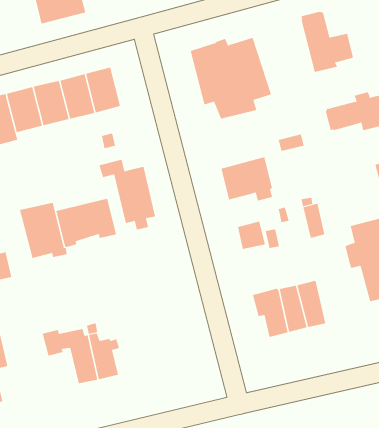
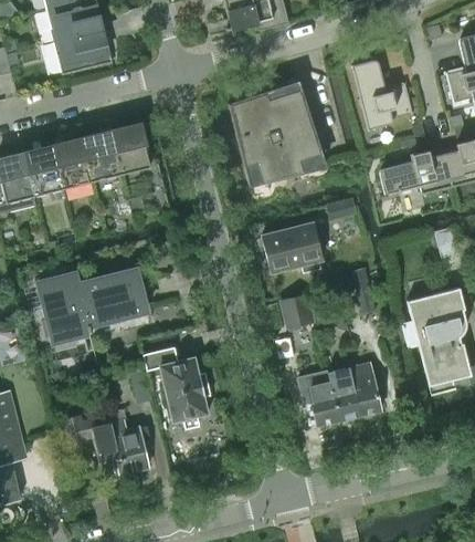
building: [99,159,156,230] -> [142,348,207,428]

